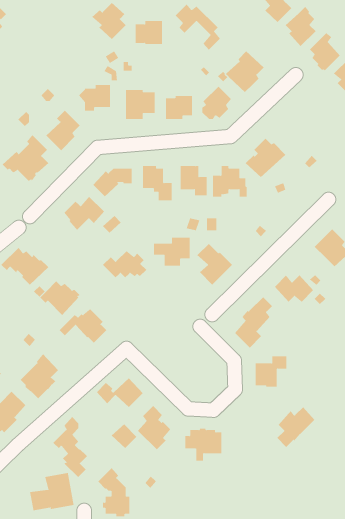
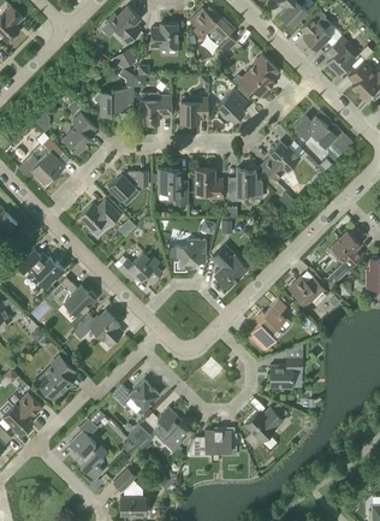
building: none -> [295,111,345,147]
building: [276,407,315,448] -> [244,407,283,448]
building: [30,472,74,511] -> none

